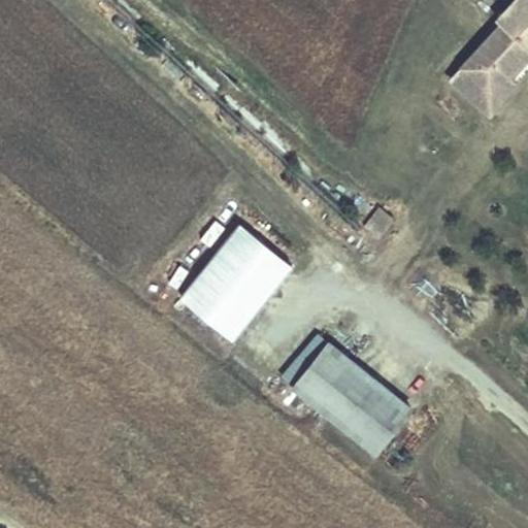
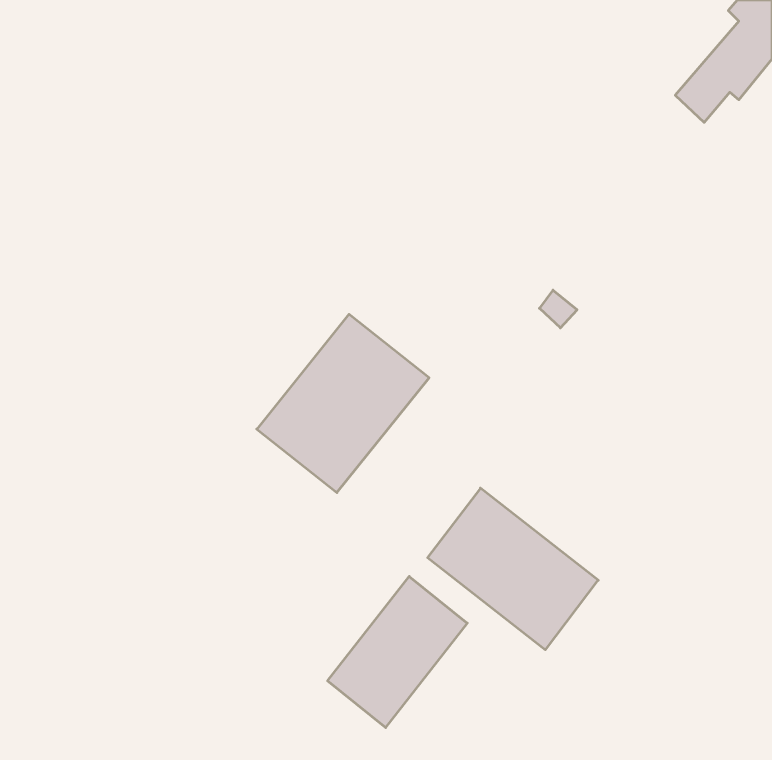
building: [449,71,516,120] -> none
building: none -> [328,576,467,728]

